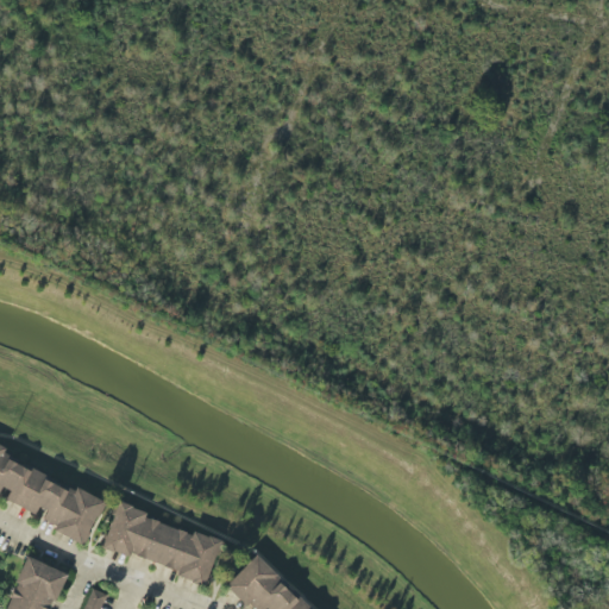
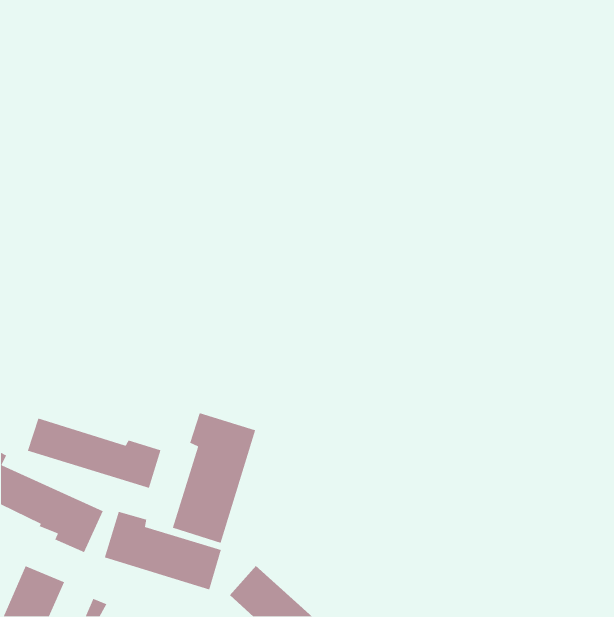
building: none -> [172,412,256,544]
building: none -> [27,418,161,489]

